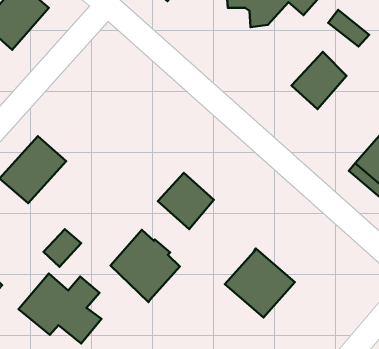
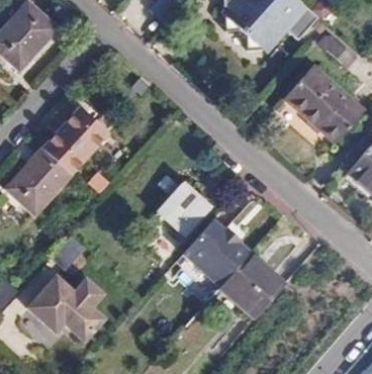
building: none -> [308,90,361,146]
building: none -> [46,107,108,170]
building: [111,230,180,302] -> [184,220,249,288]

